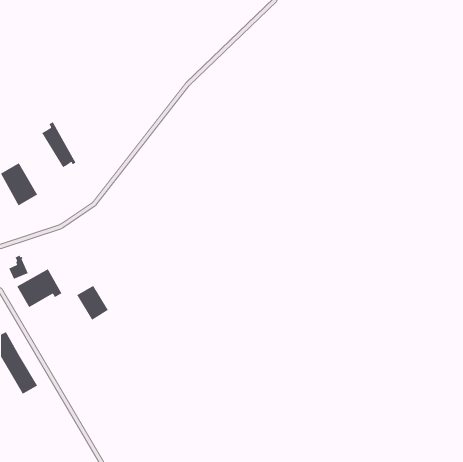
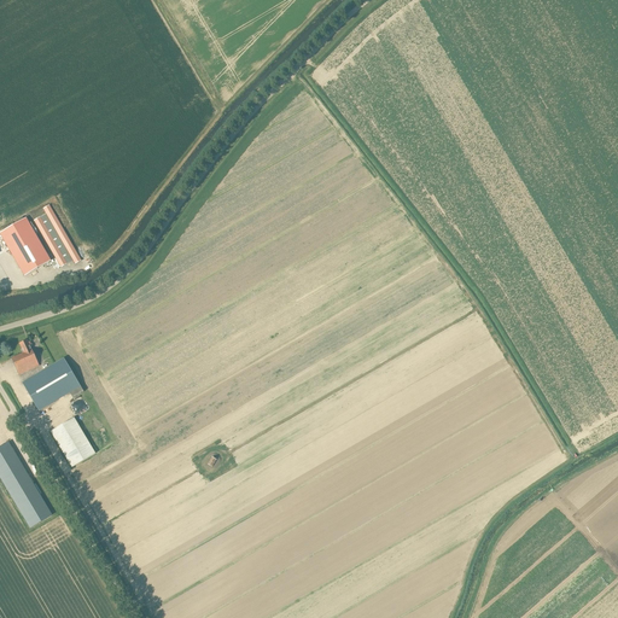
building: [41,121,77,168] -> [34,204,81,267]
building: [76,285,109,321] -> [51,418,94,466]

